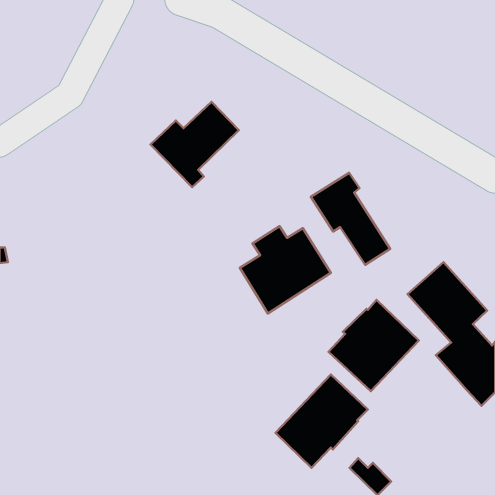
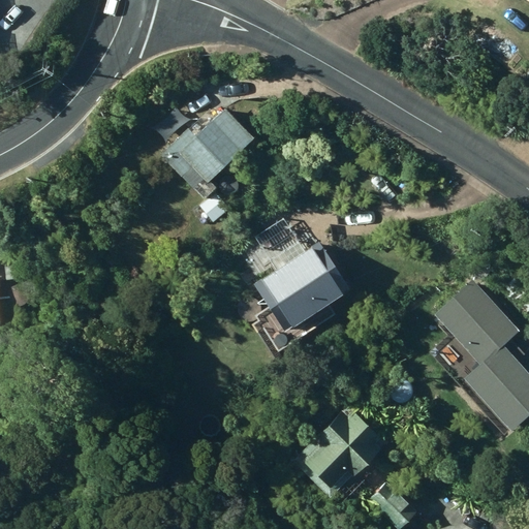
building: [311,173,390,265] -> none
building: [328,300,419,391] -> none

